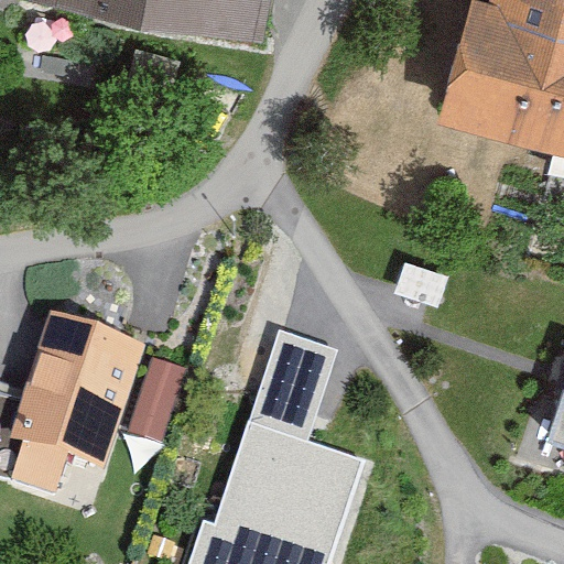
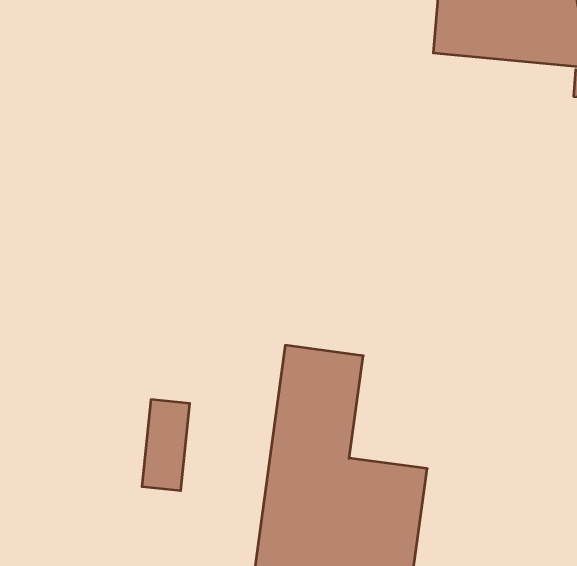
building: [12,319,148,473] -> none

